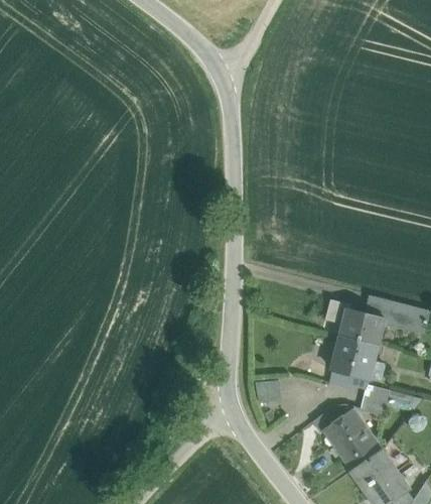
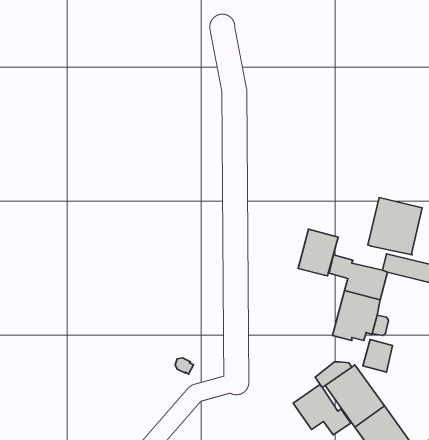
building: none -> [368,198,422,255]
building: none -> [298,229,338,276]
building: none -> [293,385,351,435]

